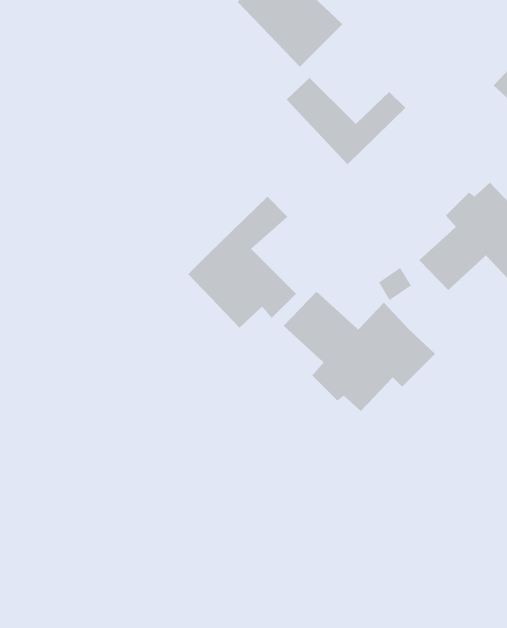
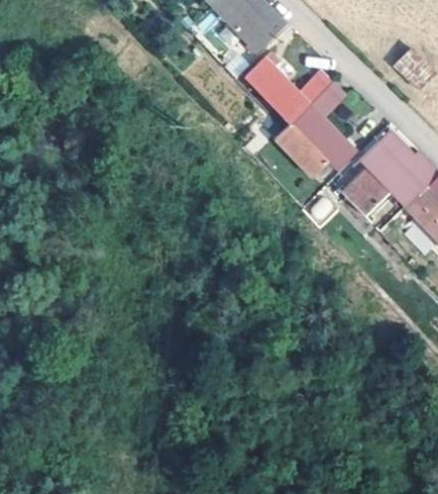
building: [188,196,297,329] -> [275,81,353,177]
building: [283,291,436,412] -> none

